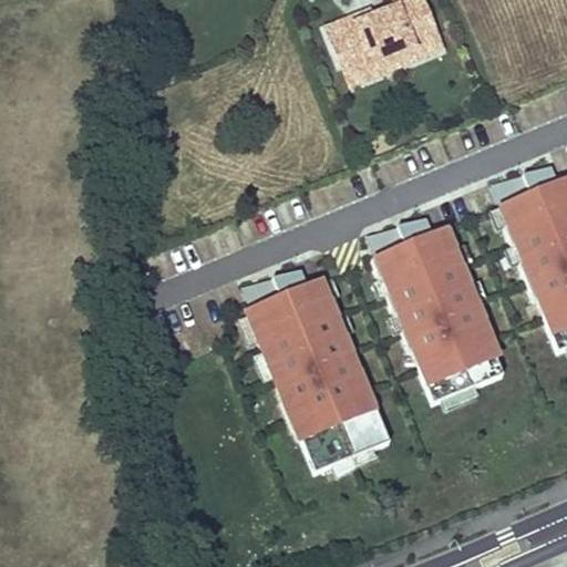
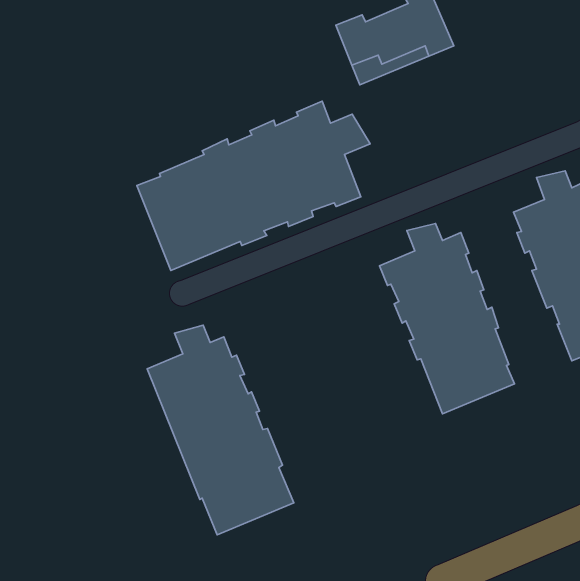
building: none -> [137,101,370,270]
building: [247,266,389,468] -> [147,325,294,535]

